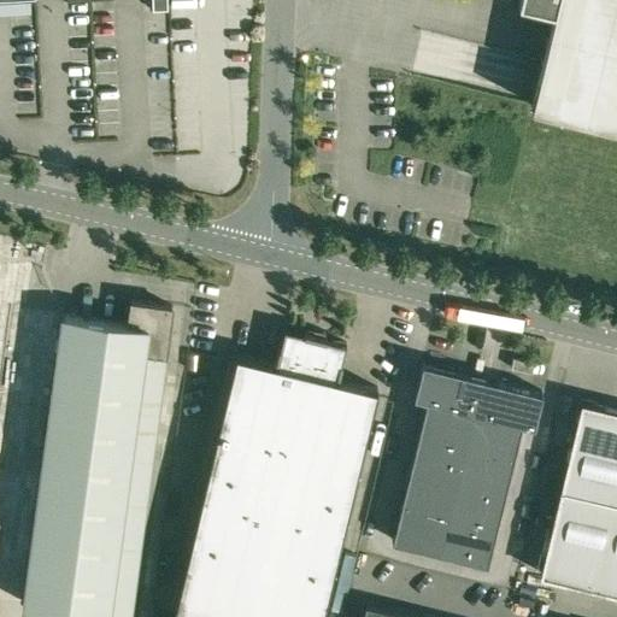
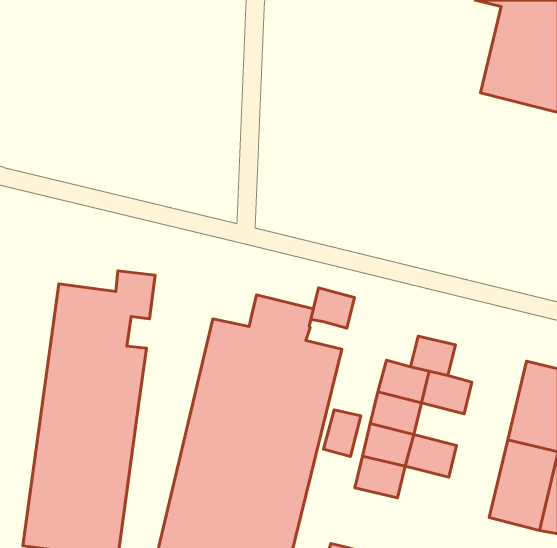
building: [415,371,463,416] -> [311,288,355,328]
building: [495,392,543,435] -> none
building: [458,456,513,503] -> none
building: none -> [324,410,361,456]
building: [440,525,496,572] -> none

